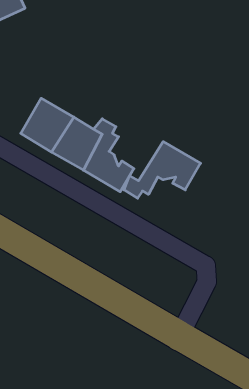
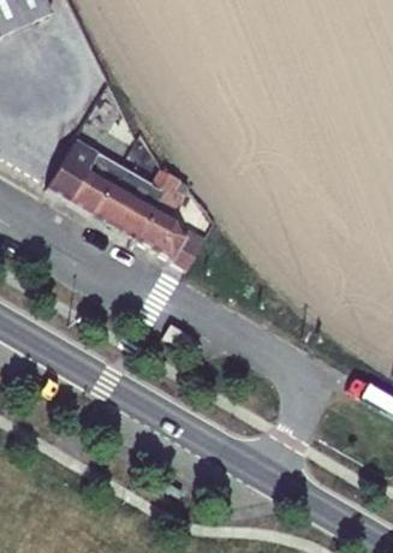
building: [124,142,201,198] -> none

